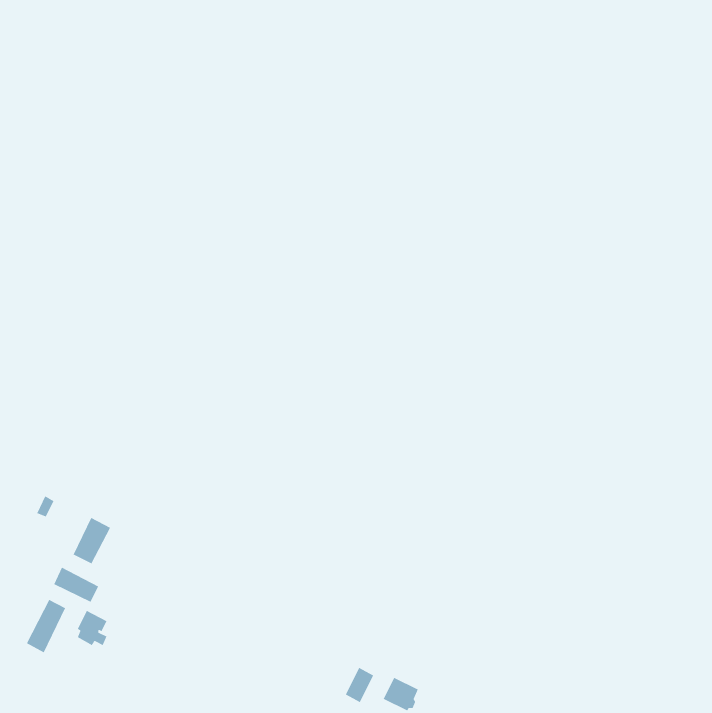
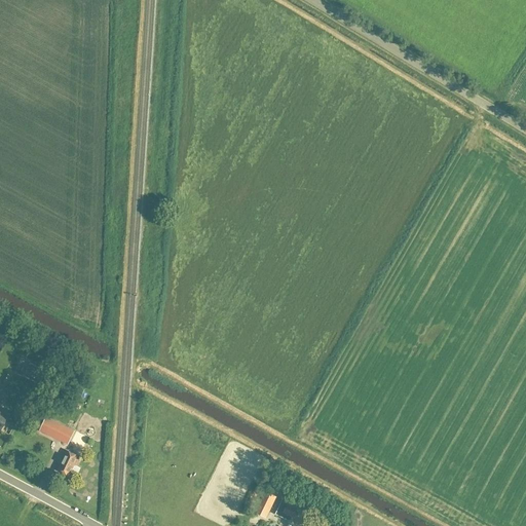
building: [73,517,111,564] -> none
building: [26,599,66,654] -> none

